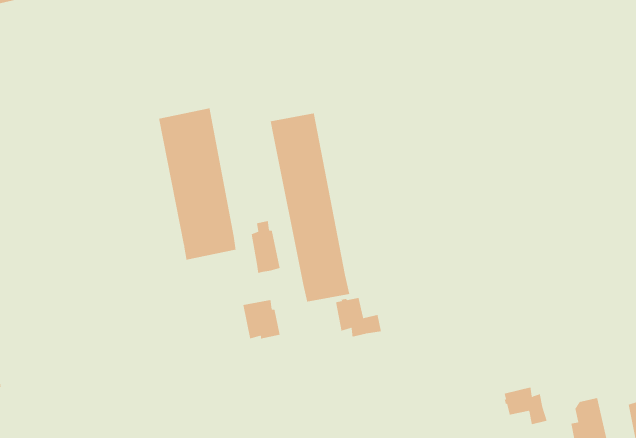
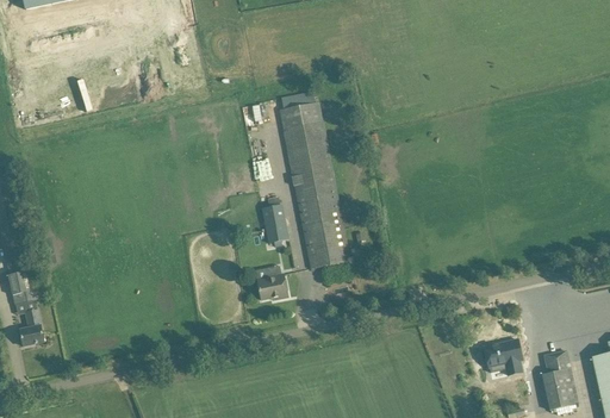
building: [158,107,236,260] -> none
building: [335,297,381,338] -> none

